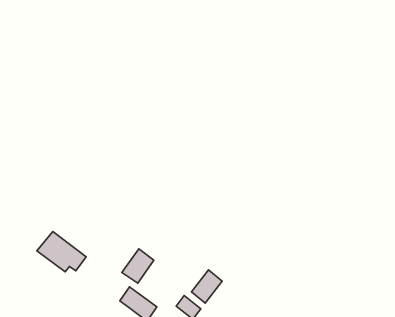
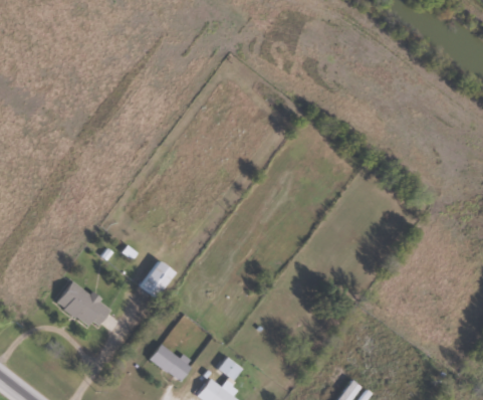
building: [122,249,154,283] -> [139,258,175,297]
building: [191,270,222,303] -> none

